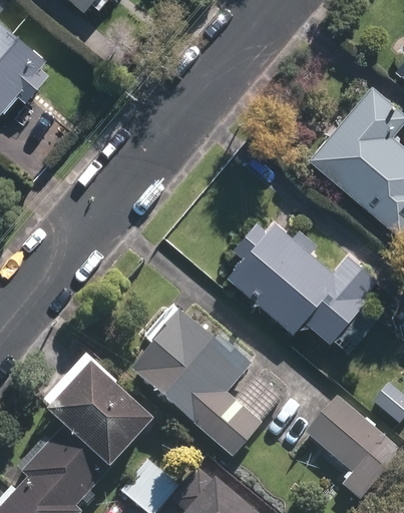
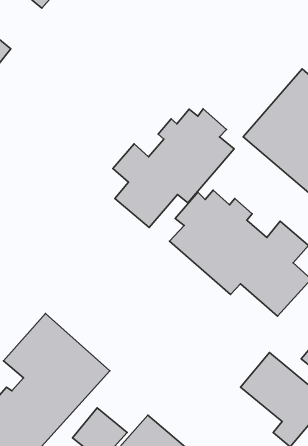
building: none -> [113,109,234,227]
building: [130,312,285,460] -> none

